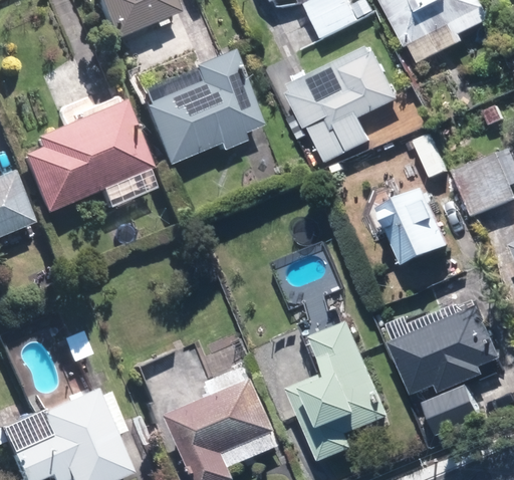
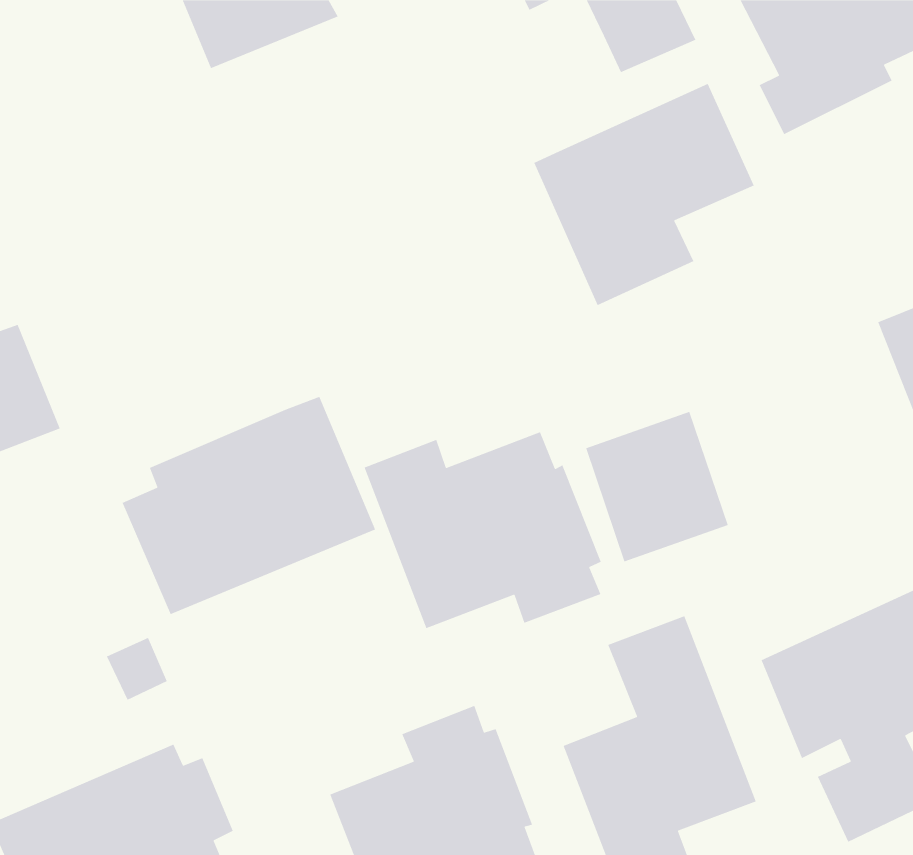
building: [135,49,260,165] -> none
building: [17,99,149,213] -> [122,396,376,615]
building: [379,186,454,264] -> [585,411,729,562]
building: none -> [364,431,602,629]

